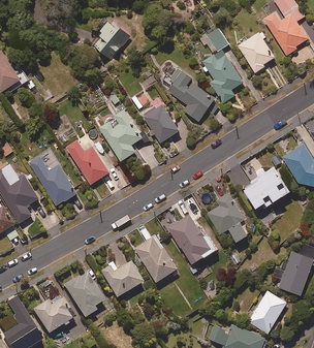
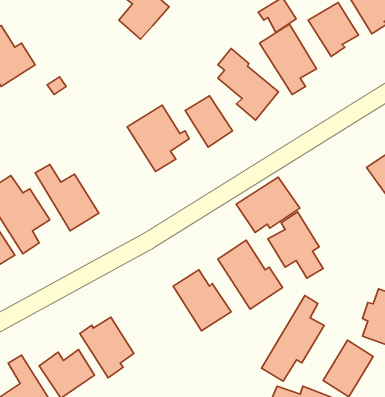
building: [65,138,109,184] -> none
building: [242,166,290,209] -> [236,177,300,232]
building: none -> [262,296,324,381]
building: [99,261,143,297] -> none

